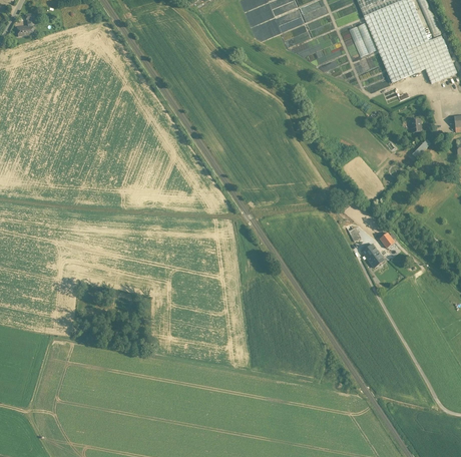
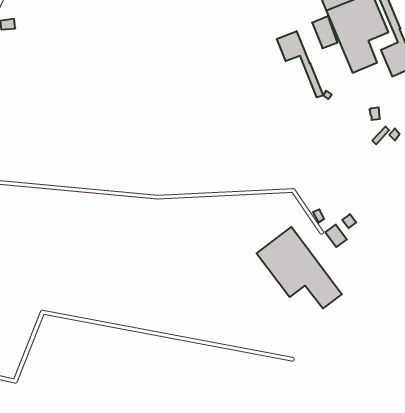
building: none -> [277,31,323,97]
building: none -> [257,227,342,308]

